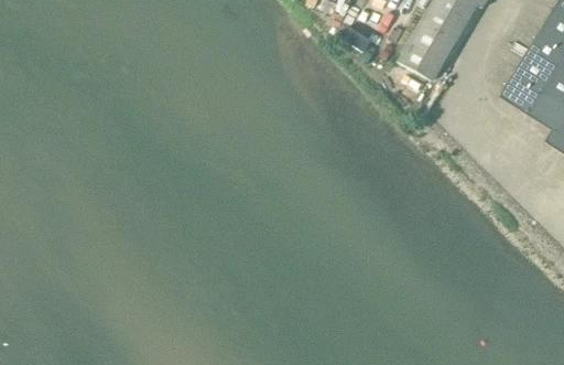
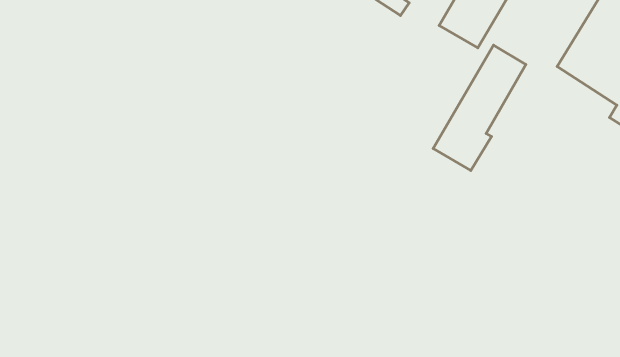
building: none -> [433,45,526,171]

